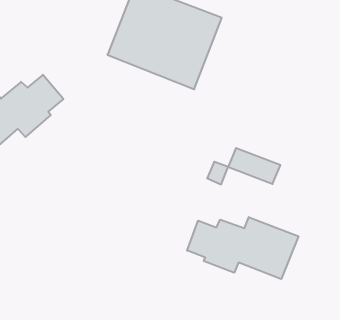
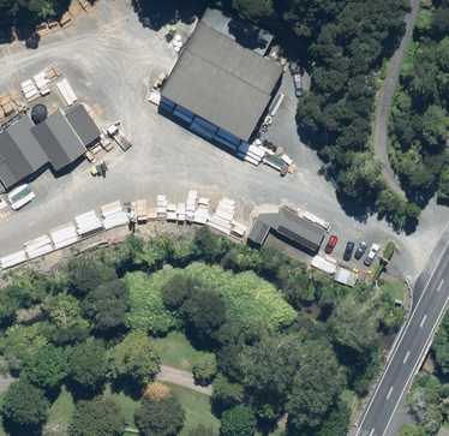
building: [187,217,298,279] -> none

